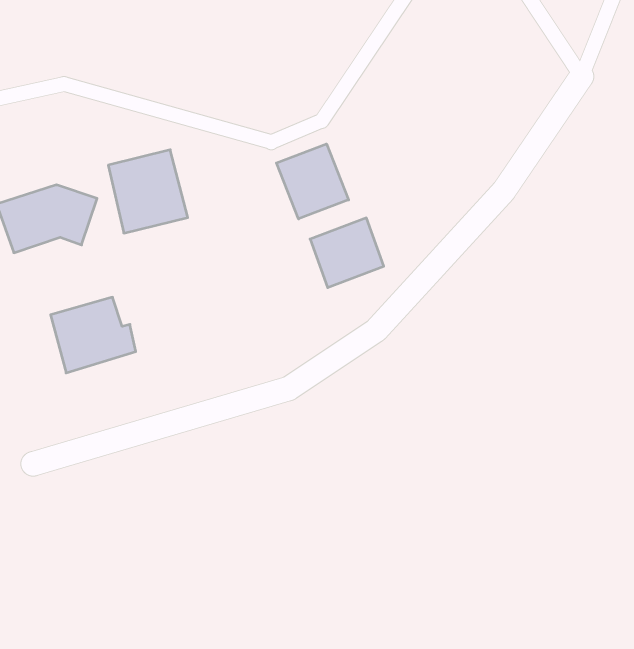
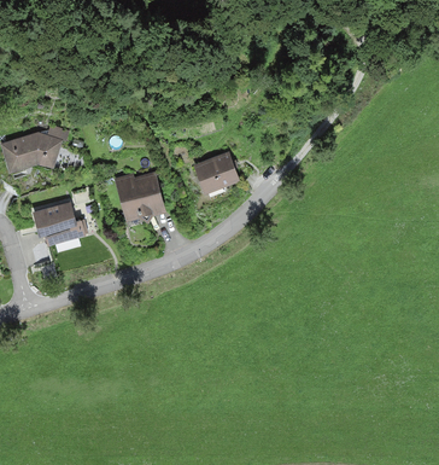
building: [276,144,349,219] -> none
building: [108,150,188,233] -> [116,170,165,222]

